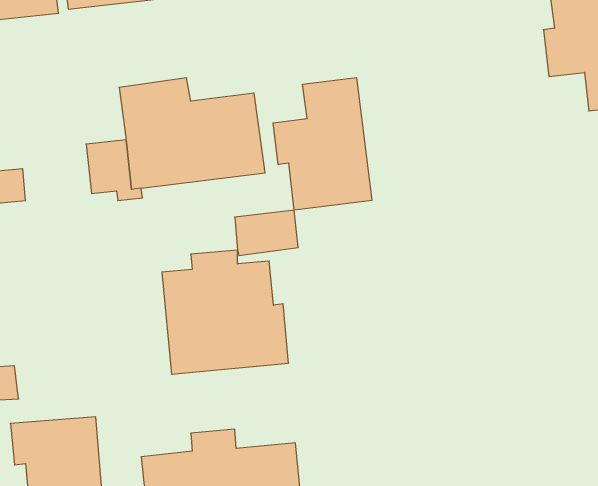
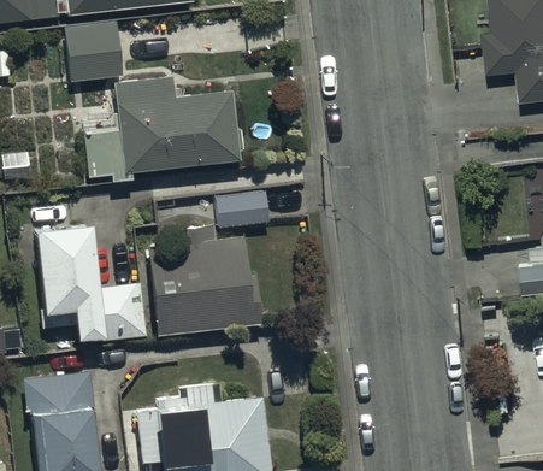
building: none -> [64,22,123,84]
building: [273,78,372,210] -> none
building: none -> [33,220,149,348]

